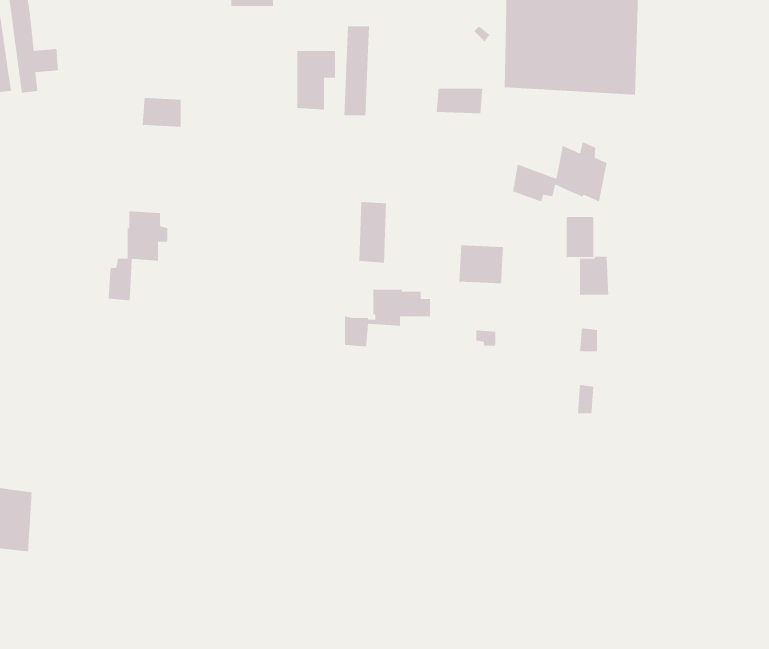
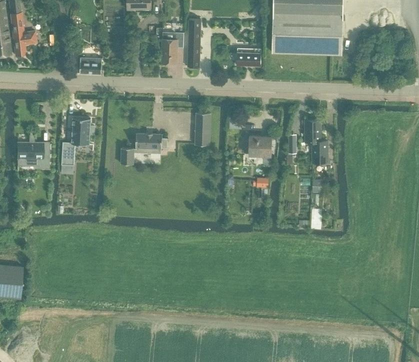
building: [512,141,608,203] -> none
building: none -> [17,142,48,168]
building: [344,289,431,347] -> [121,133,167,164]

